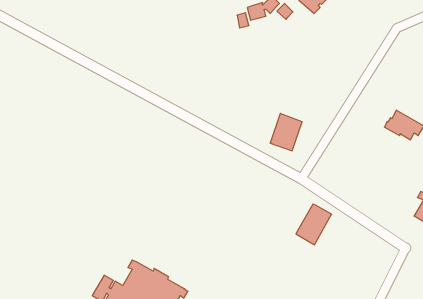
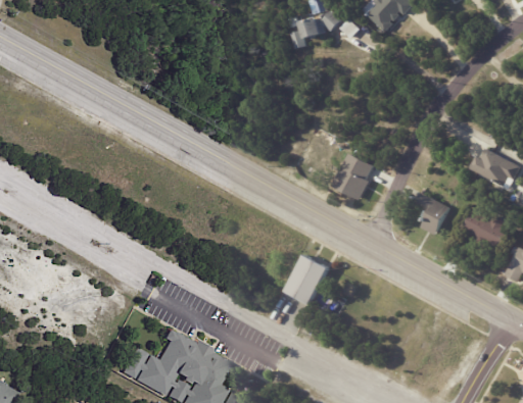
building: none -> [416,194,449,235]
building: none -> [464,211,511,249]
building: [296,204,332,245] -> [286,257,329,306]

